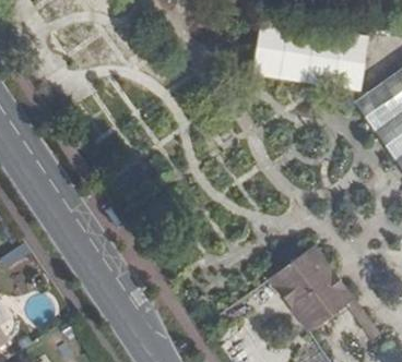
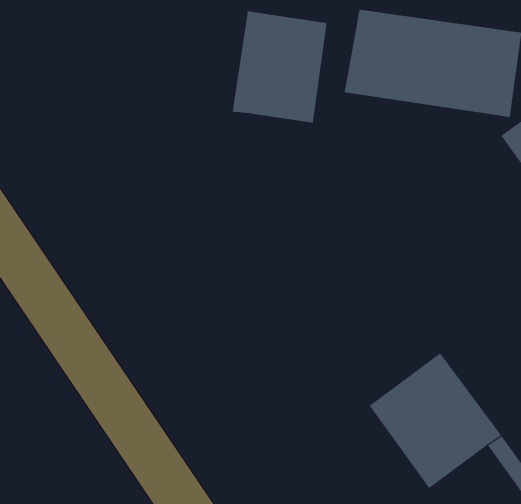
building: none -> [232,10,327,124]

